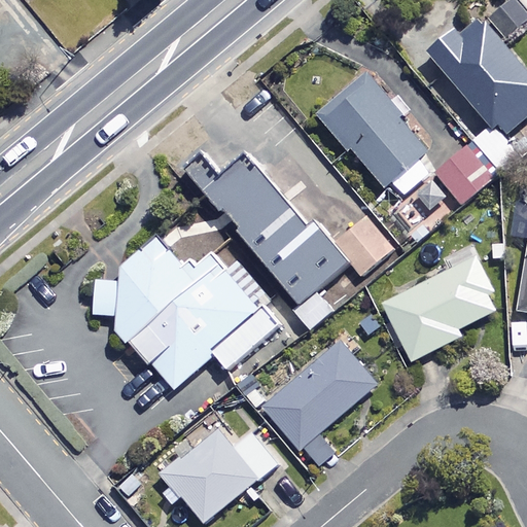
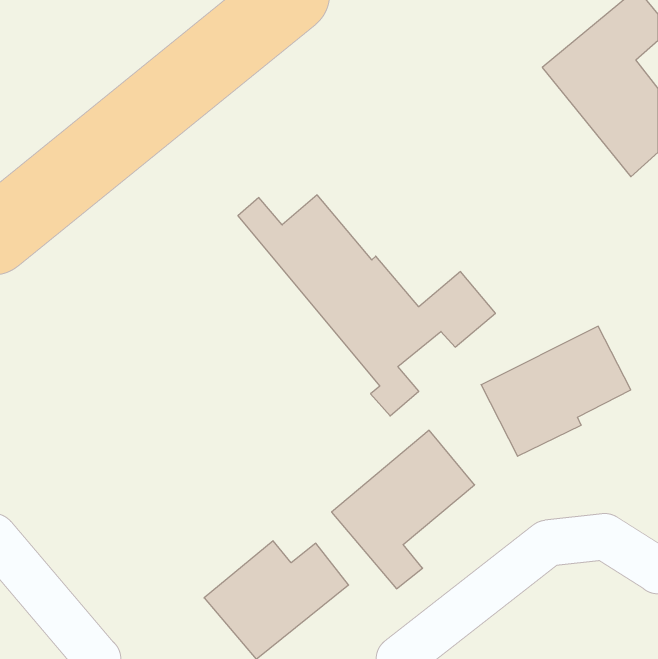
building: [320,77,427,194] -> none
building: [432,141,494,204] -> none
building: [93,236,280,388] -> none

